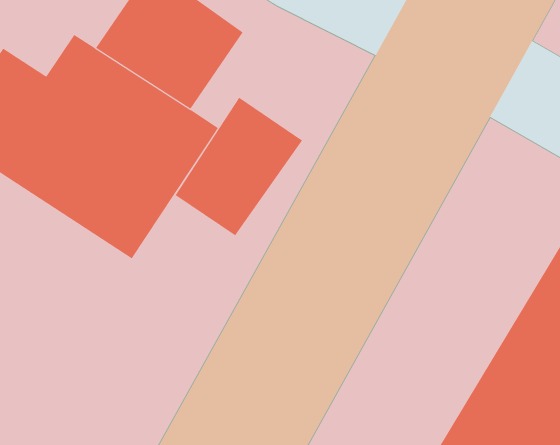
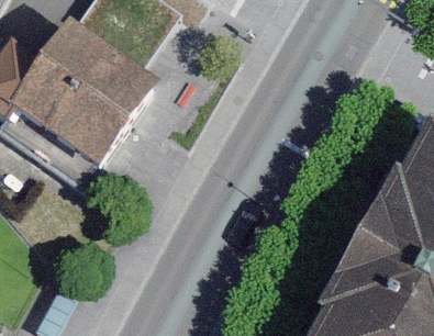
building: [175,97,303,236] -> none

